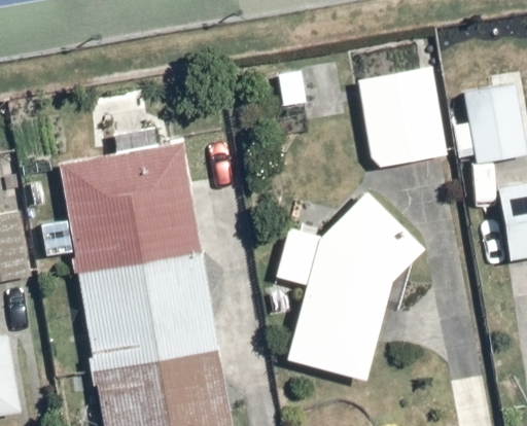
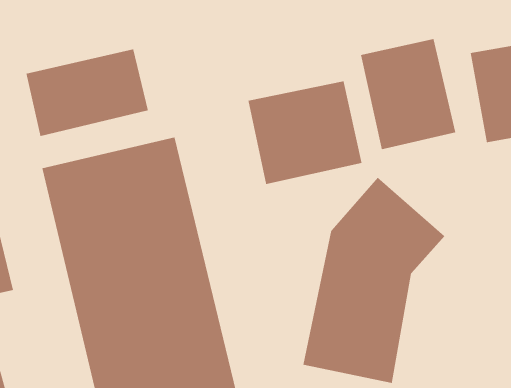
building: none -> [26,48,149,137]
building: none -> [248,80,362,185]

